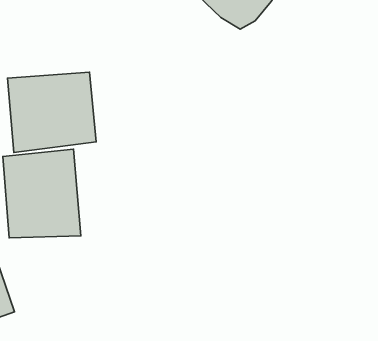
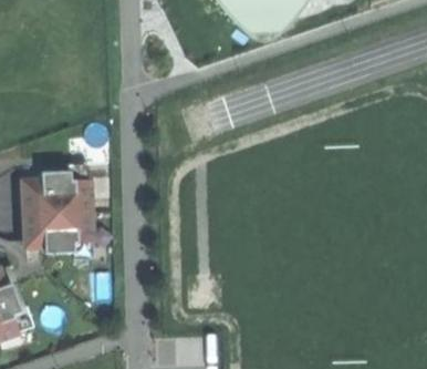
building: [8,72,96,152] -> none

